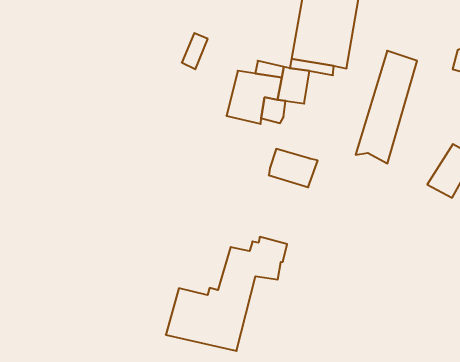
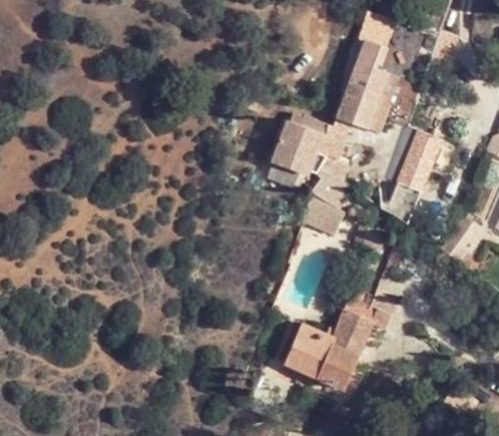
building: none -> [310,170,351,208]
building: [166,237,287,351] -> [284,291,403,388]

